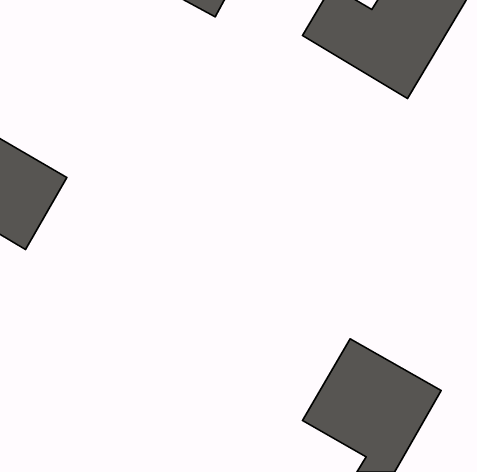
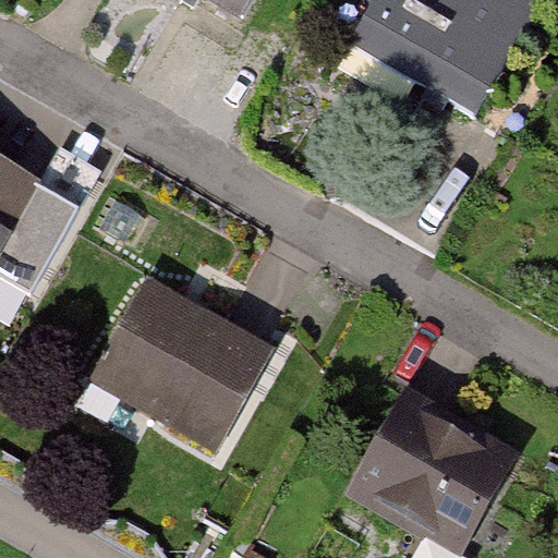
building: none -> [76,281,268,444]

